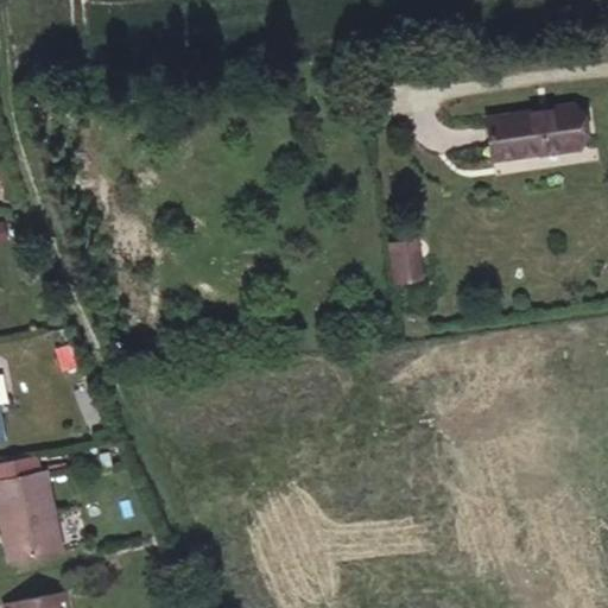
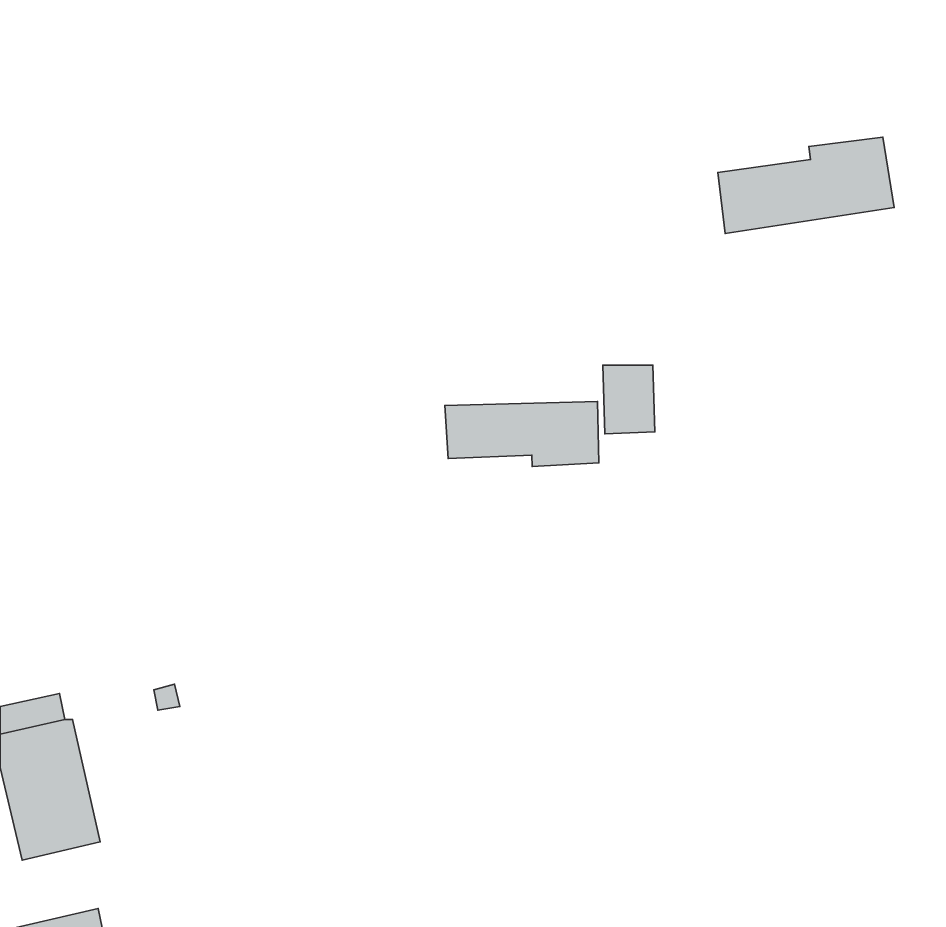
building: none -> [445,401,599,467]

